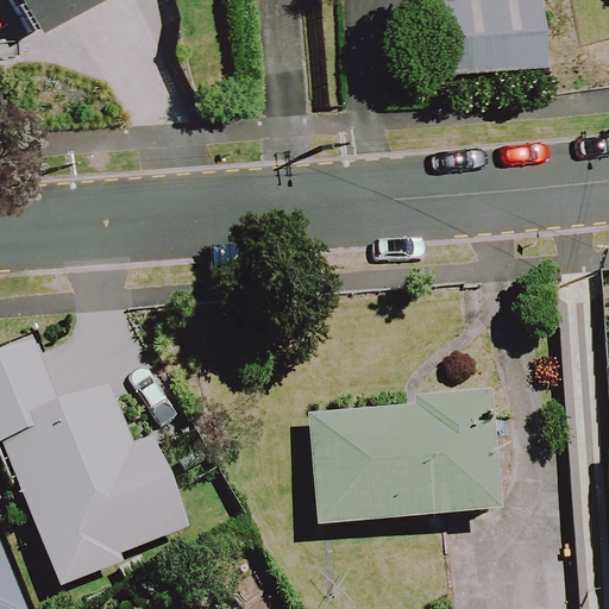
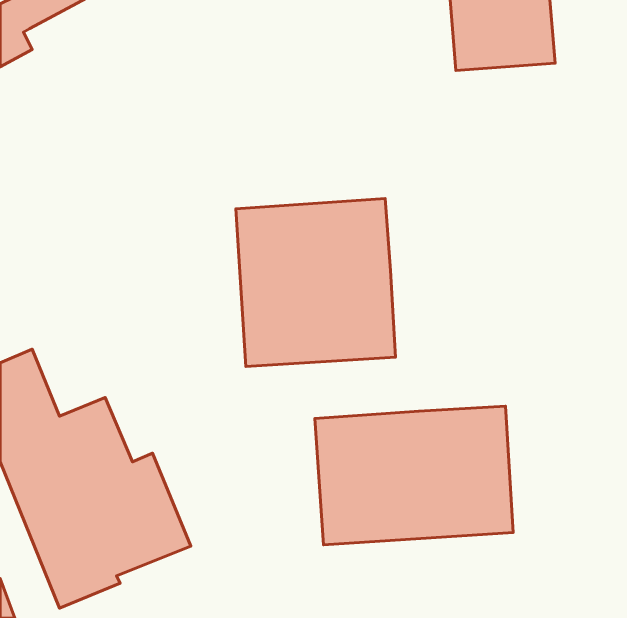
building: none -> [236,199,396,367]

